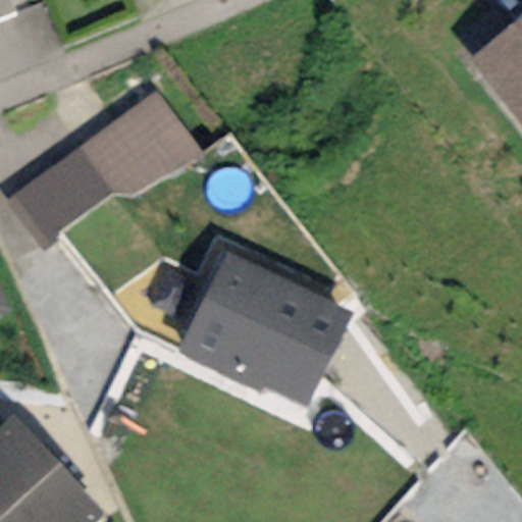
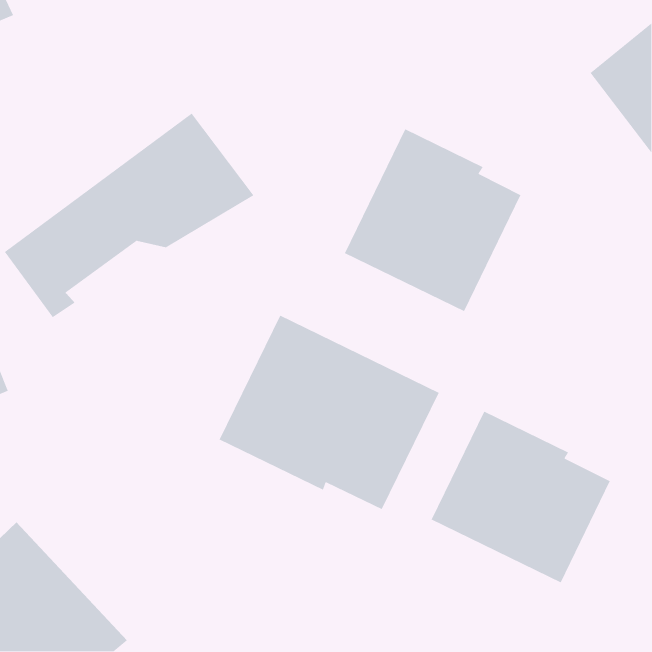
building: none -> [344,128,522,312]
building: none -> [431,411,611,583]

